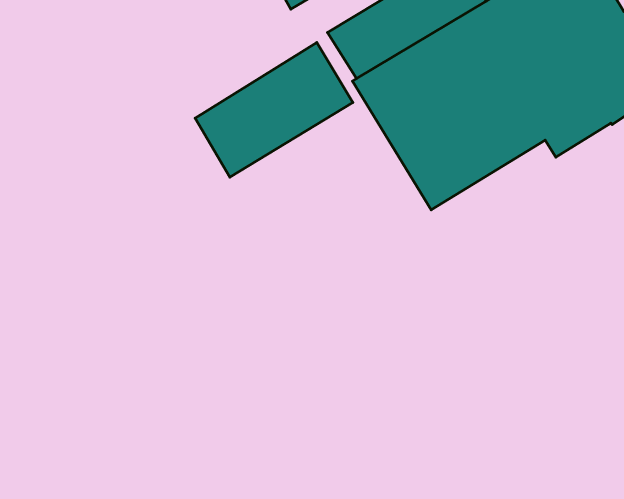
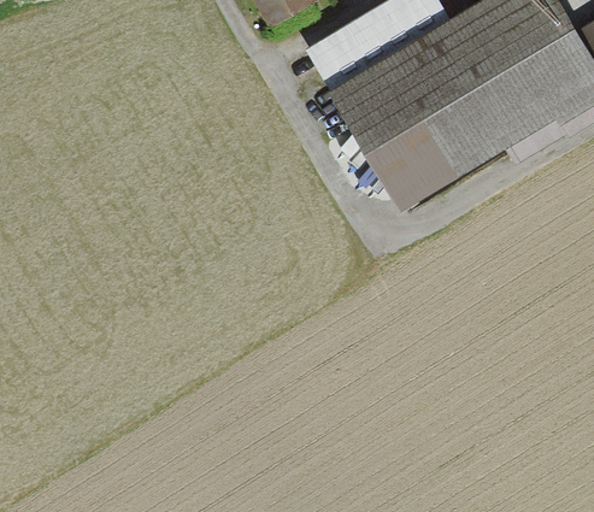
building: [195,43,353,177] -> none

